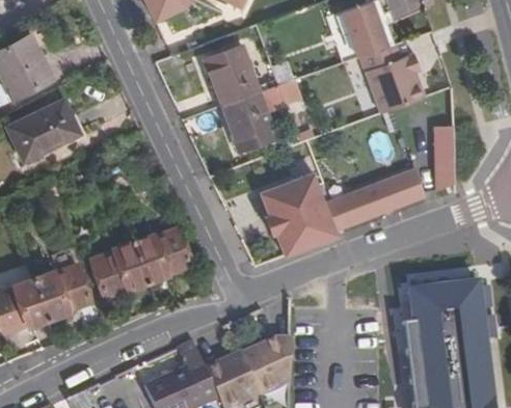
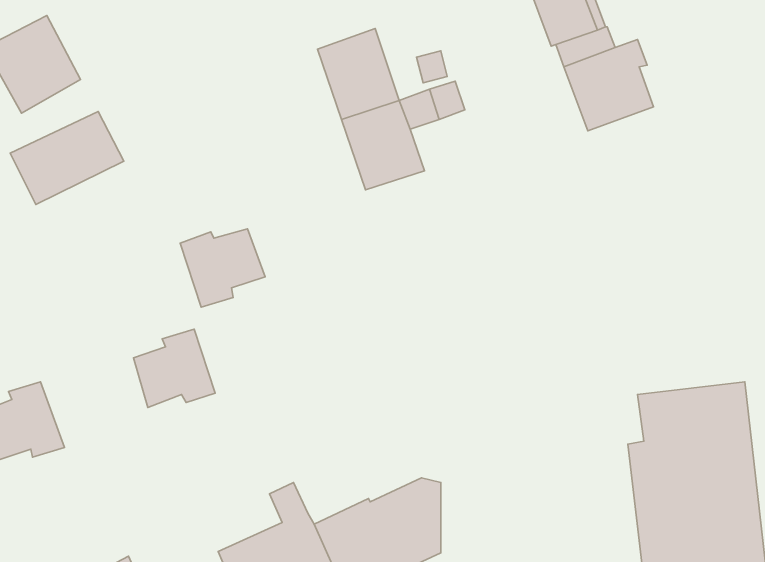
building: [429,120,455,185] -> none
building: [253,173,416,259] -> none
building: [127,233,182,283] -> [180,229,265,307]
building: [27,267,82,319] -> none

